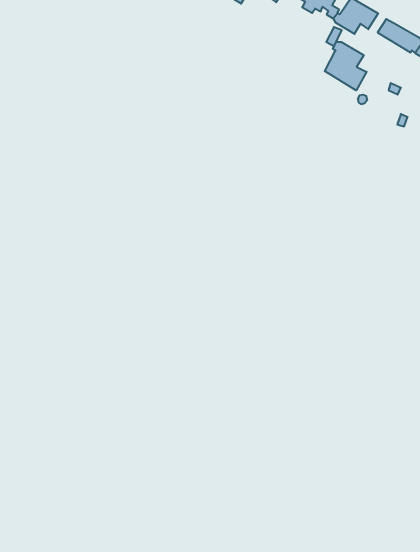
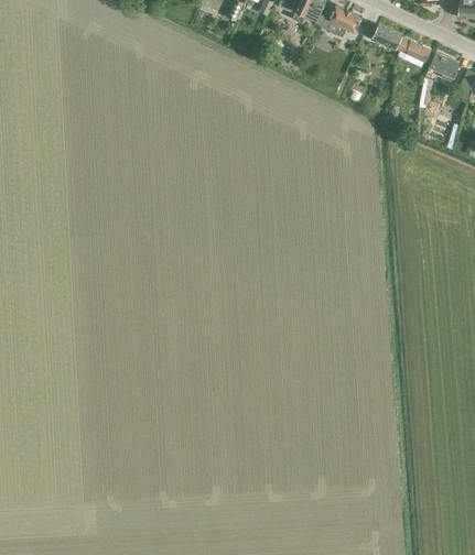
building: [325,42,367,90] -> none

